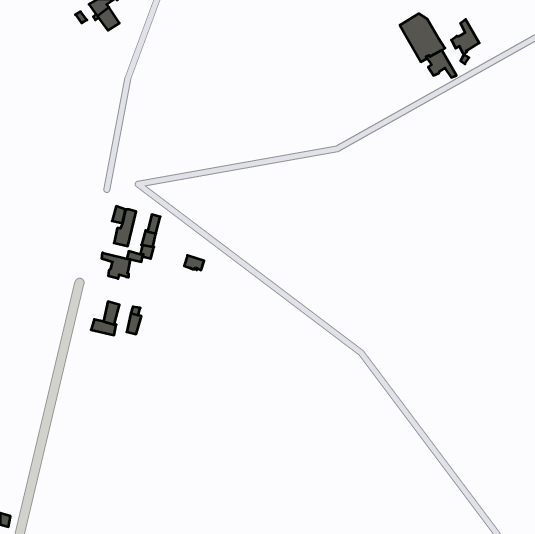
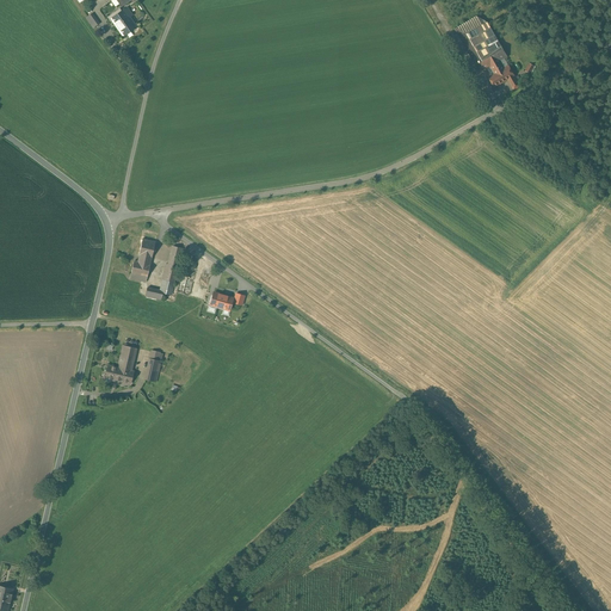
building: [451,19,479,54] -> none
building: [102,253,130,279] -> none

